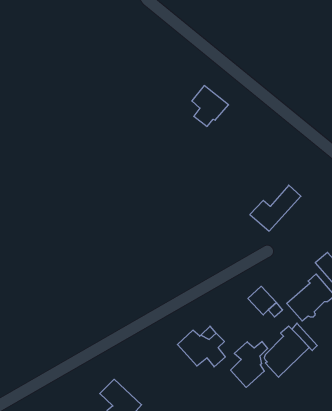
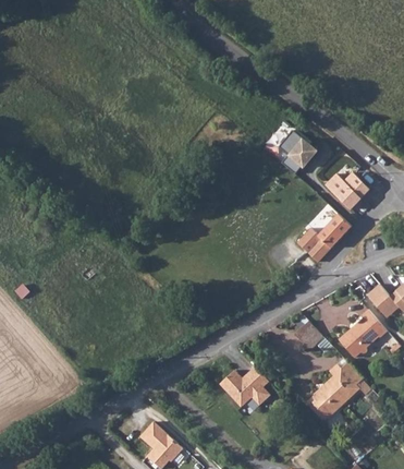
building: [192,86,229,126] -> [279,130,318,173]
building: none -> [326,170,369,207]
building: [231,341,268,387] -> none

